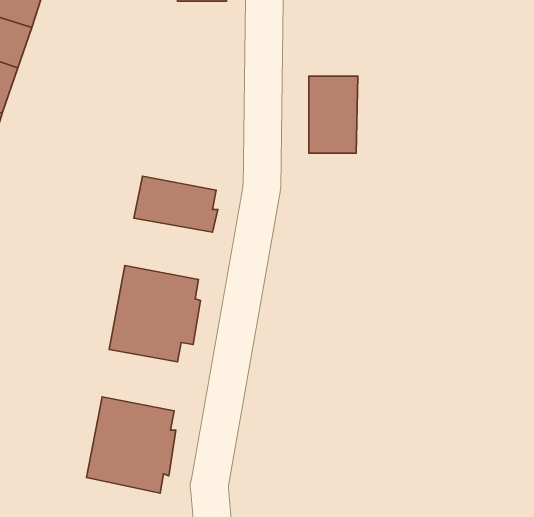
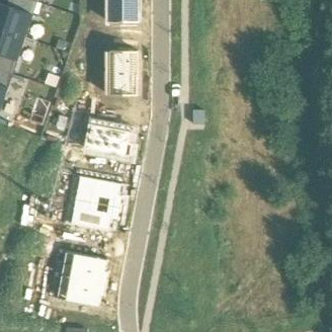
building: [309,76,358,153] -> [108,51,137,95]

